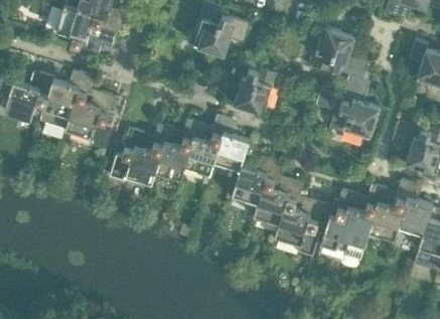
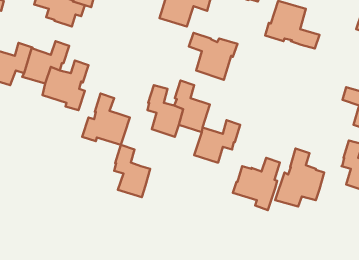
building: [329,75,379,138] -> none
building: [151,124,190,181] -> [114,145,150,197]
building: [253,179,304,225] -> none
building: [364,185,403,242] -> none

